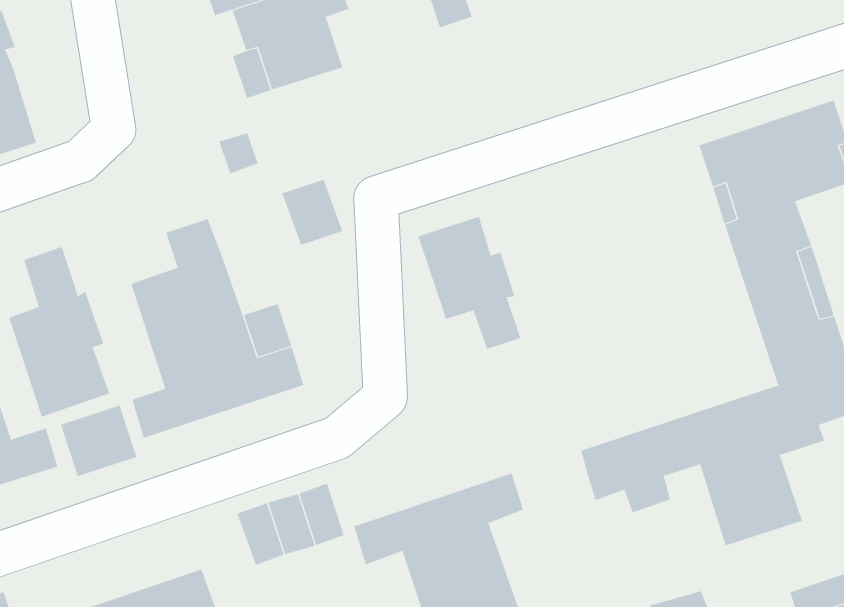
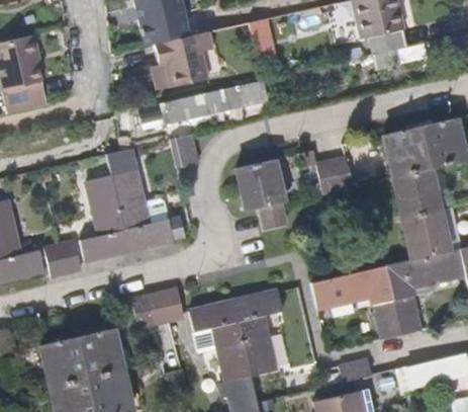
building: none -> [162,80,267,122]
building: none -> [316,157,354,193]
building: [8,246,110,417] -> none

